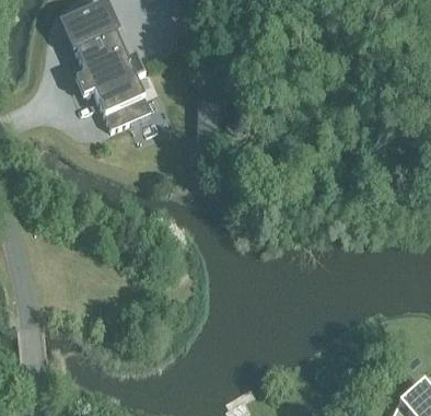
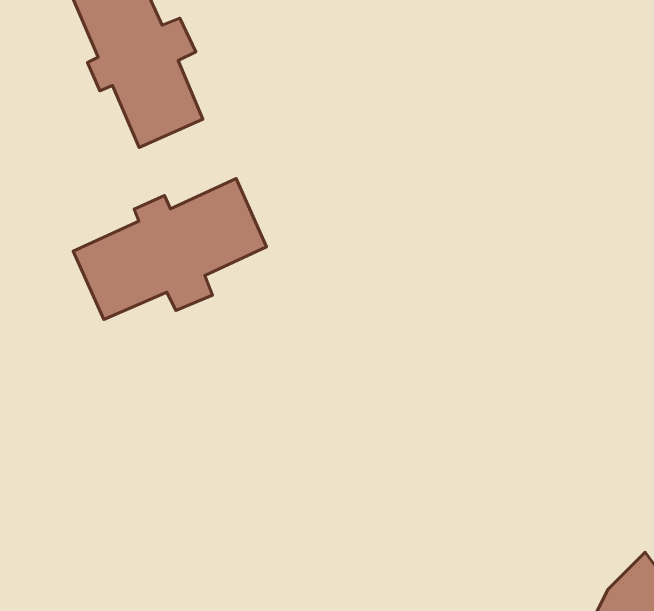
building: none -> [73,179,267,320]

